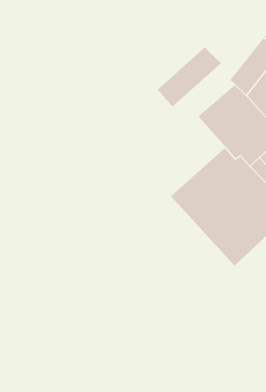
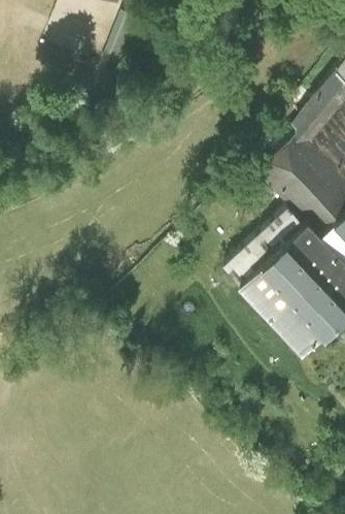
building: [157,47,222,108] -> none

